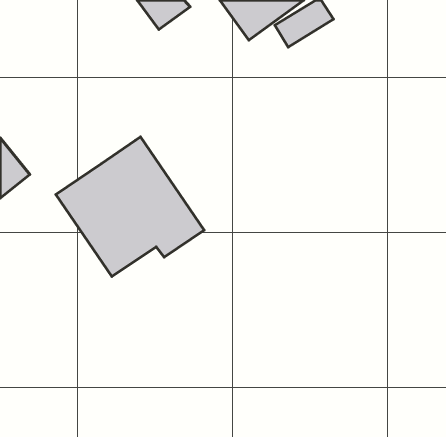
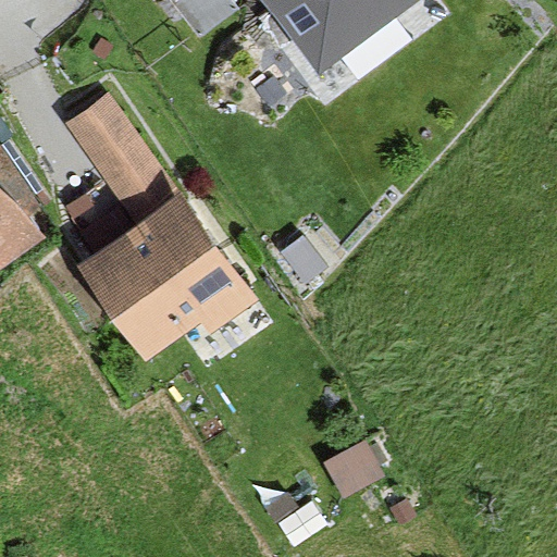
building: none -> [63,94,169,215]

